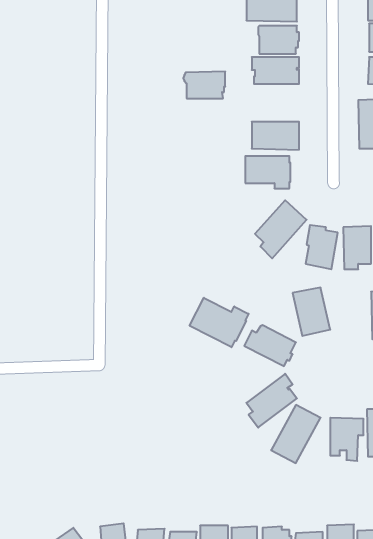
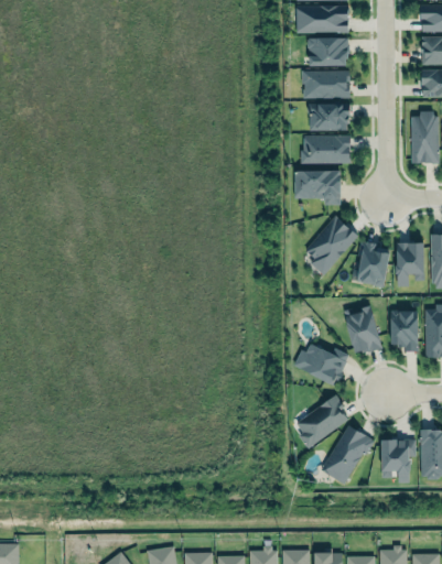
building: [183,72,225,98] -> [308,102,351,130]
building: none -> [391,310,419,352]
building: [190,298,249,347] -> none

